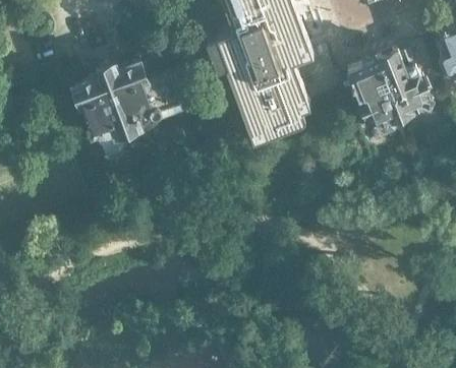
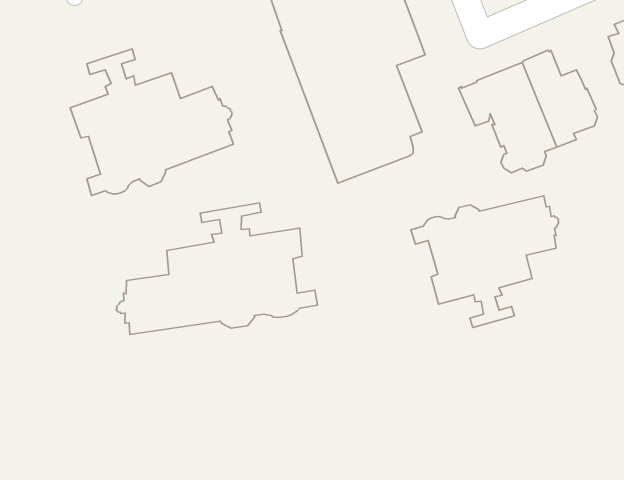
building: none -> [411,196,559,327]
building: none -> [116,203,318,334]

